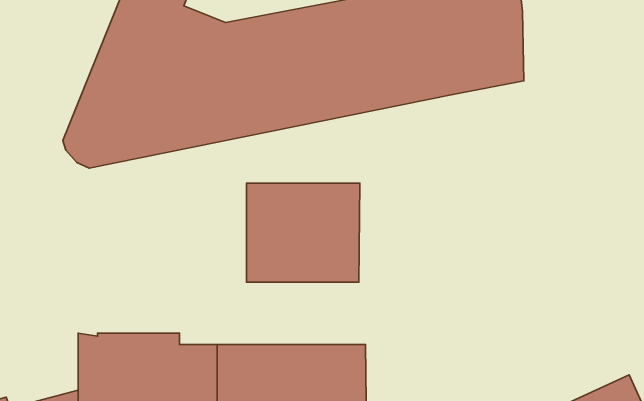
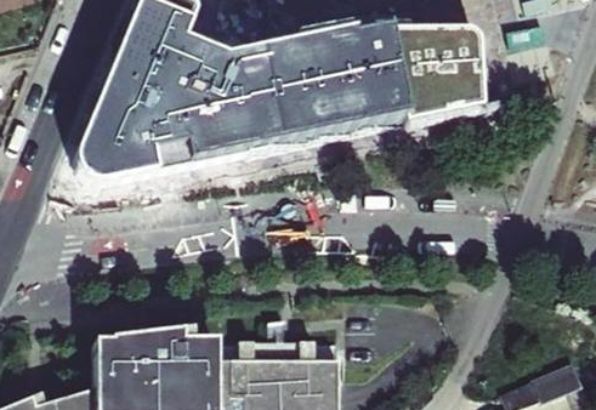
building: [247,183,360,282] -> none

